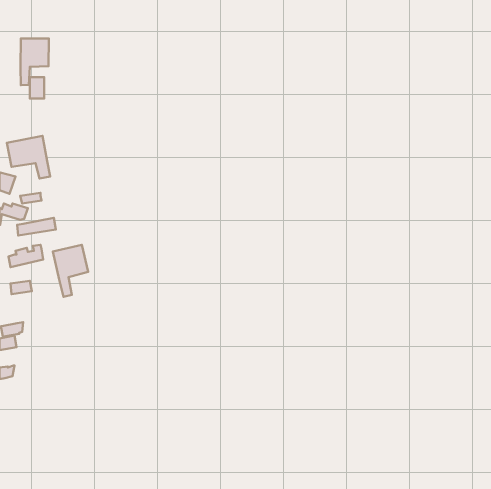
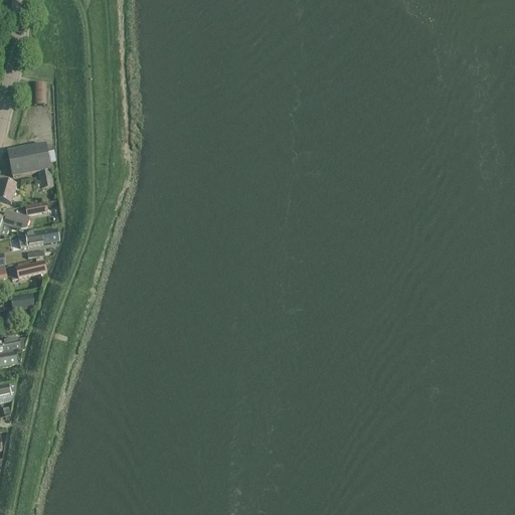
building: [21,38,49,85] -> none
building: [53,245,88,297] -> none

